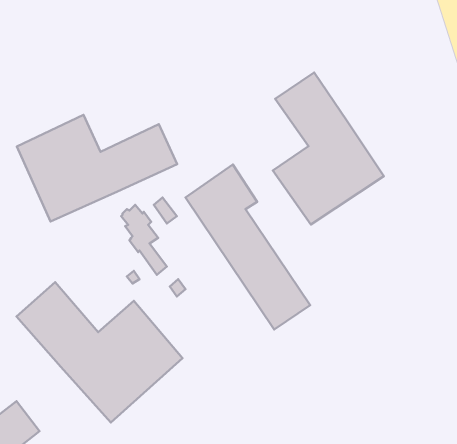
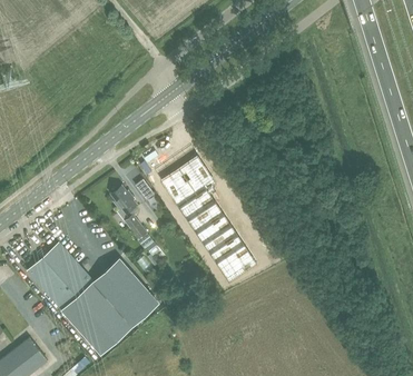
building: [273,73,384,225] -> none
building: [17,115,177,222] -> none

